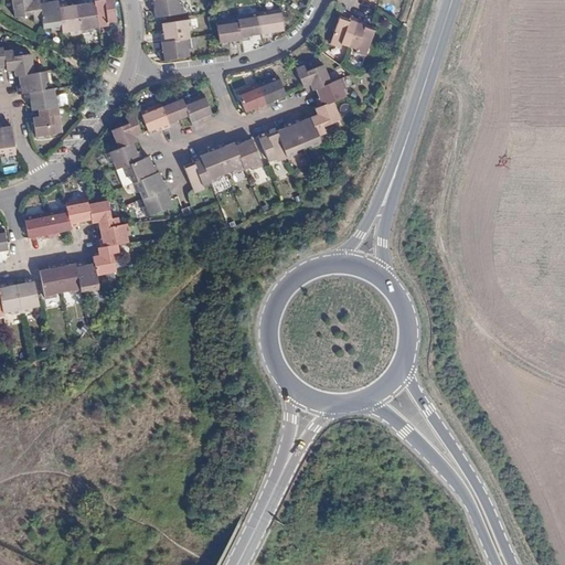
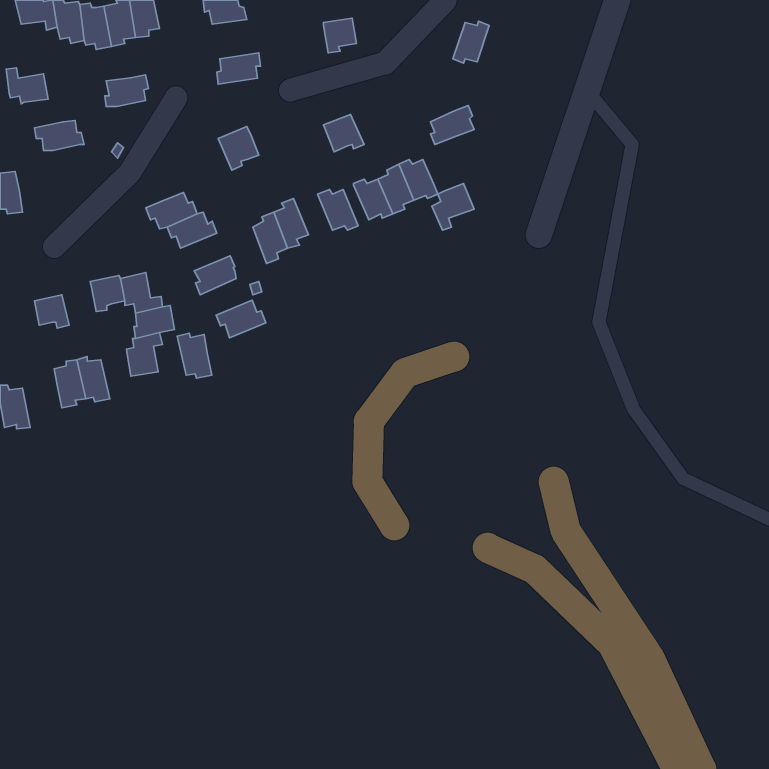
building: [258,9,284,36] -> none
building: [216,19,241,44] -> none
building: [350,19,375,55] -> none
building: [160,20,192,43] -> none
building: [297,64,332,90] -> none
building: [17,71,49,94] -> [105,75,148,107]
building: [257,75,286,106] -> none
building: [184,90,212,124] -> none
building: [310,100,341,135] -> [432,184,474,230]
building: [141,102,170,129] -> none
building: [33,106,61,137] -> none
building: [113,113,141,147] -> none
building: [215,142,244,172] -> none
building: [132,171,169,199] -> [216,300,266,338]
building: [45,212,71,238] -> none
building: [74,262,99,295] -> [177,333,212,378]
building: [17,277,40,313] -> none

